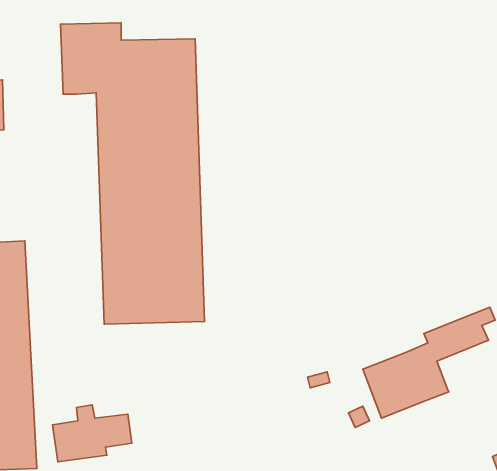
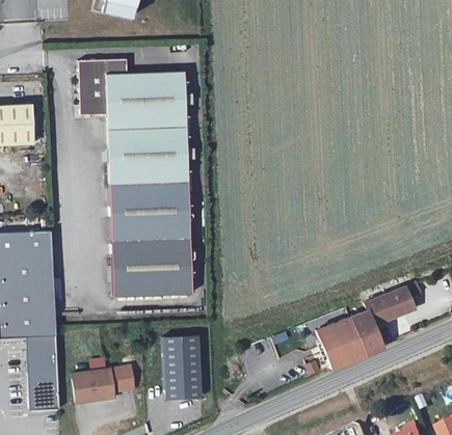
building: none -> [163,334,203,399]

